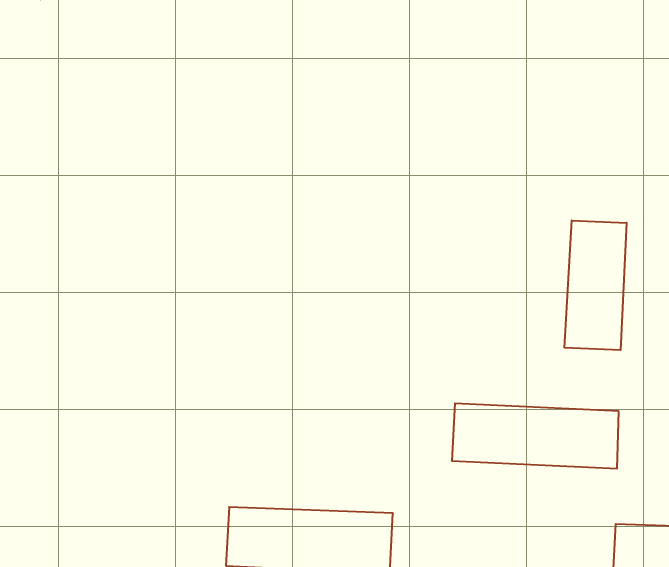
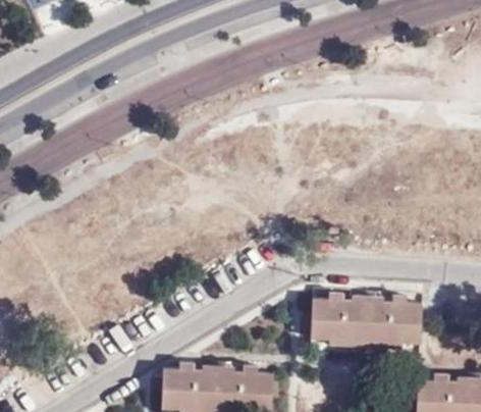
building: [564,220,627,350] -> none

